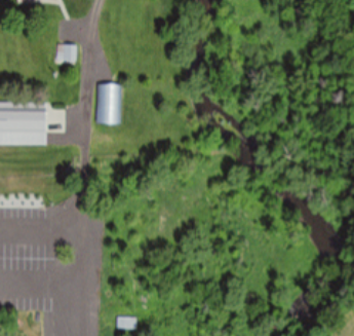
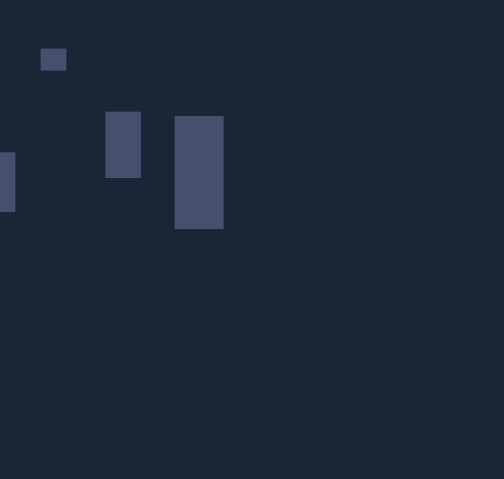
building: none -> [174,115,224,230]

